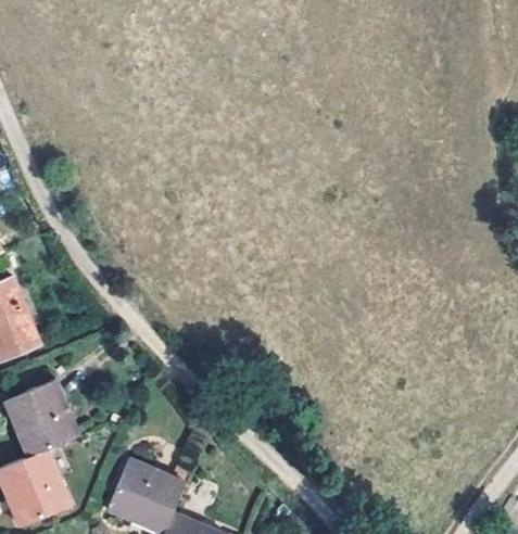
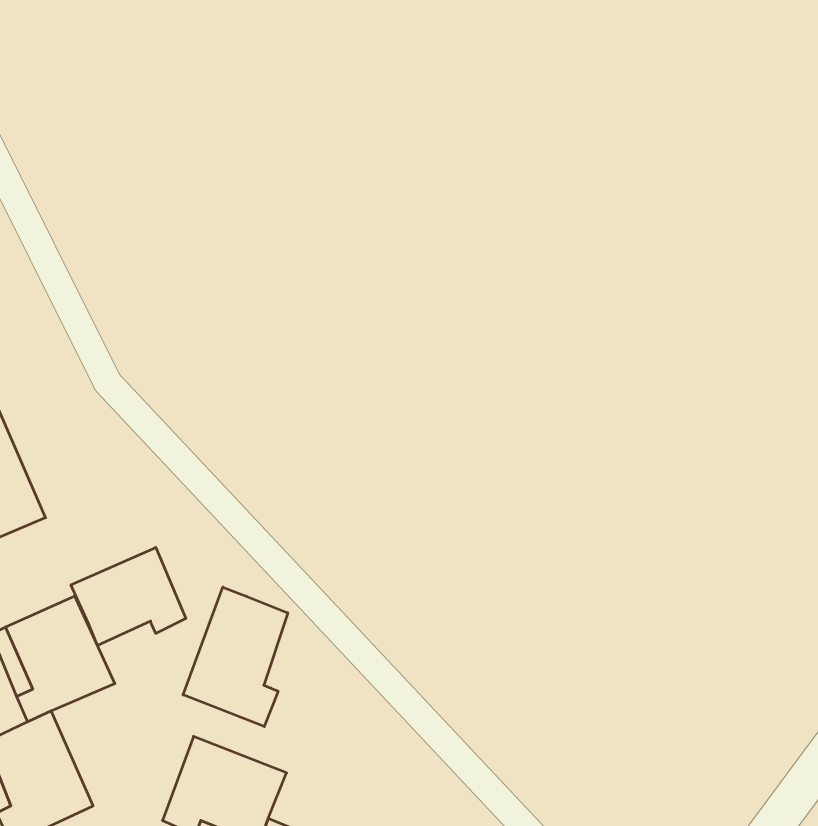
building: none -> [71,547,186,645]
building: none -> [183,587,288,727]

